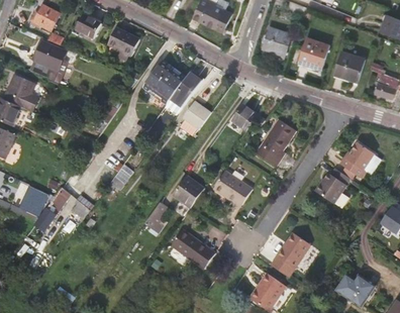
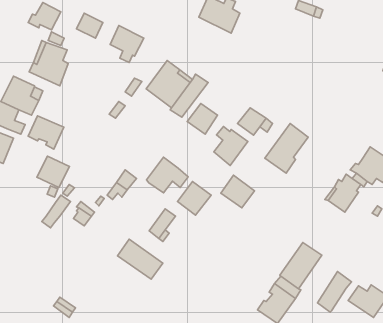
building: [262,27,291,54] -> none
building: [298,37,328,69] -> none
building: [333,50,365,81] -> none
building: none -> [28,116,64,149]
building: none -> [214,126,248,165]
building: none -> [146,157,188,193]
building: [15,184,46,214] -> [37,156,70,188]
building: [173,227,216,266] -> [117,239,163,279]
building: none -> [317,271,352,312]

